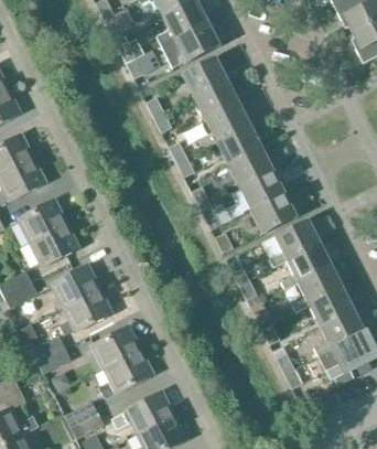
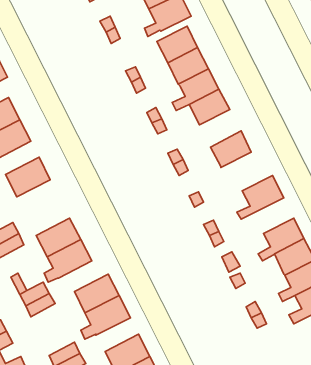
building: [228,147,273,188] -> none
building: [251,193,297,233] -> none
building: [30,223,78,265] -> none
building: [281,243,331,288] -> none

